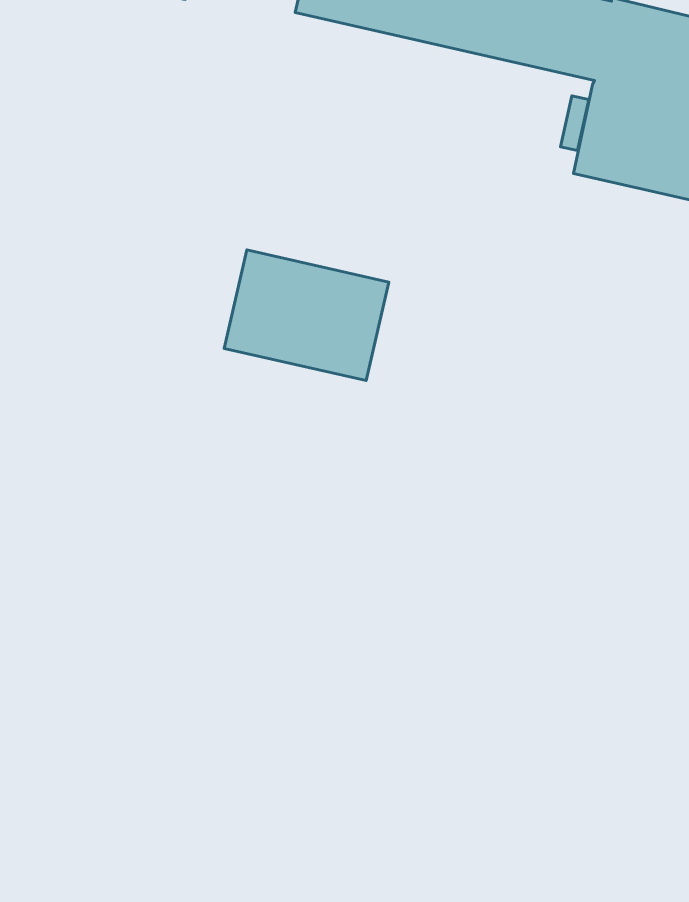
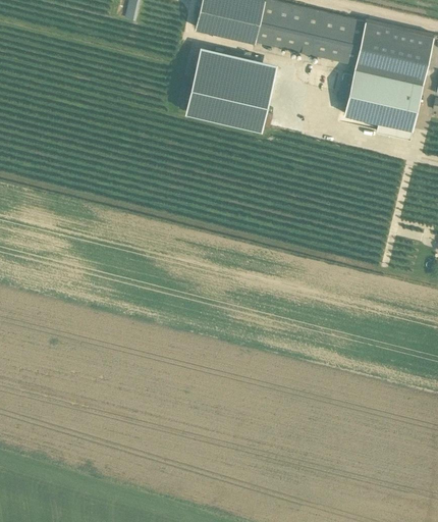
building: [224,250,389,381] -> [186,58,275,128]

